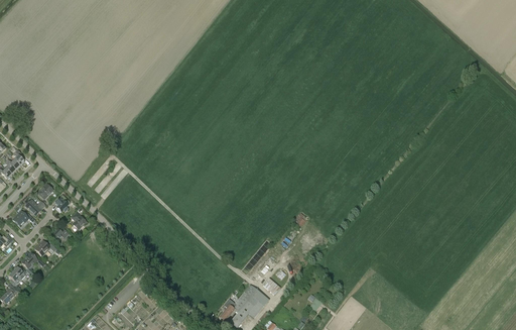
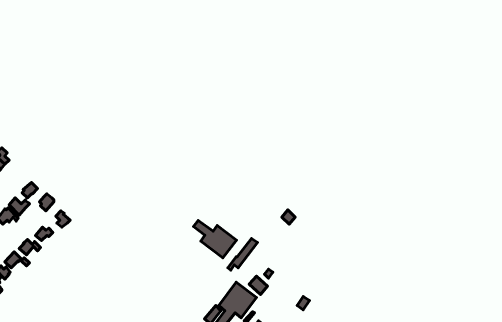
building: none -> [193,221,236,258]

